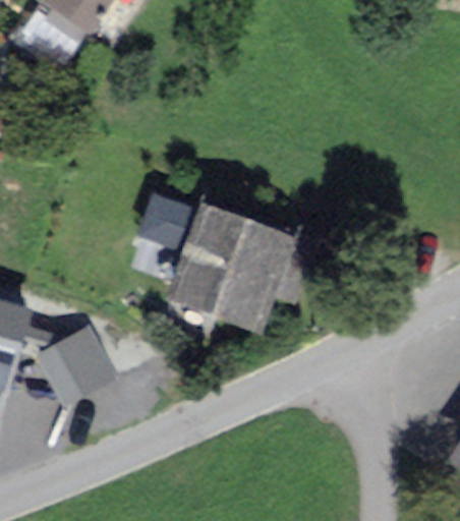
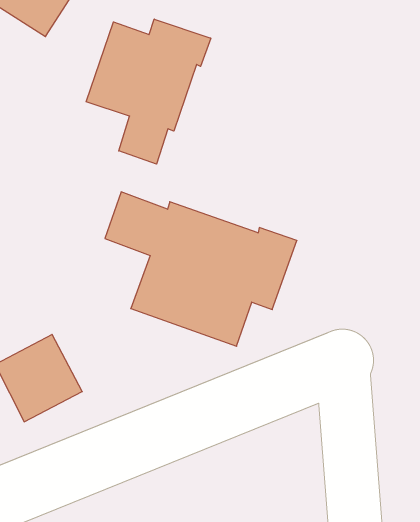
building: none -> [86,19,211,164]

